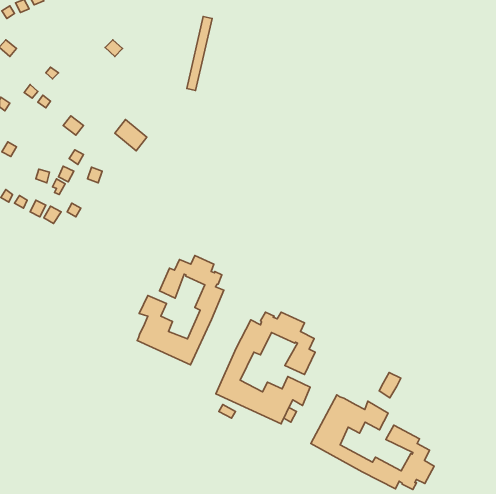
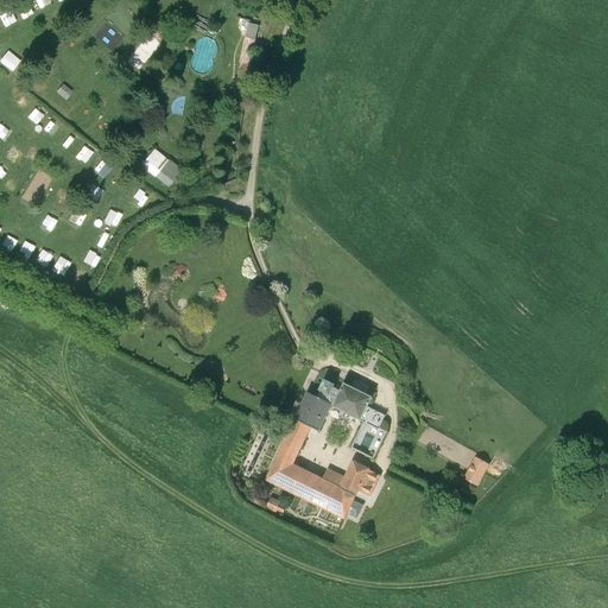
building: [137,256,224,365] -> none
building: [311,395,434,489] -> none

